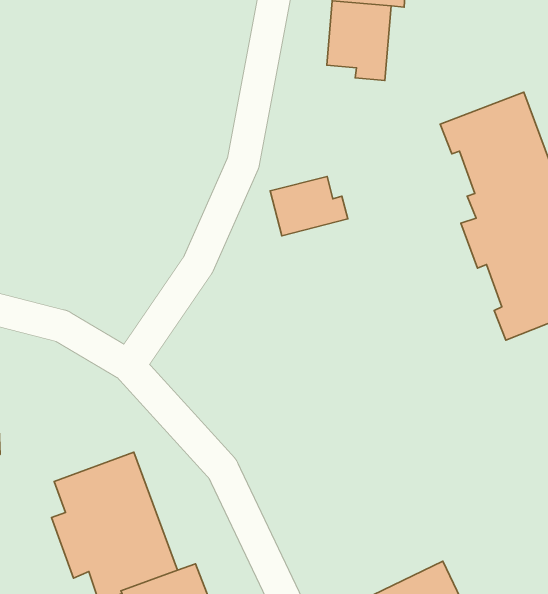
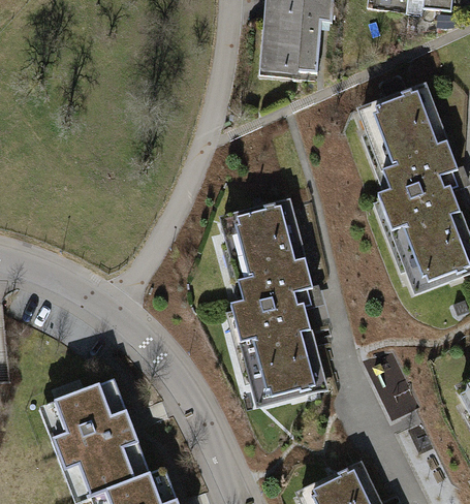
building: [270,176,348,236] -> none
building: none -> [220,204,324,402]

